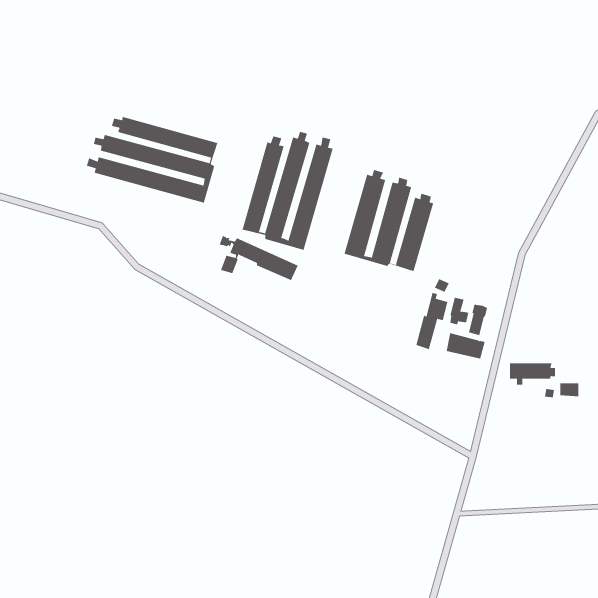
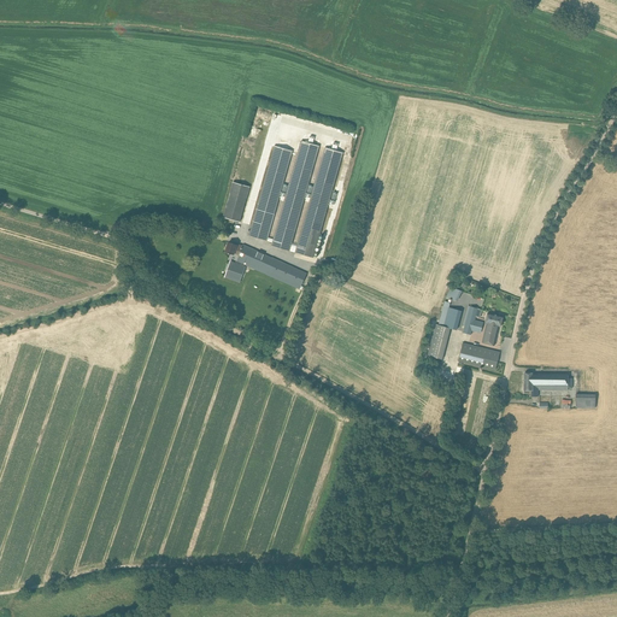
building: [86,116,218,204] -> none
building: [344,169,434,272] -> none
building: none -> [223,182,249,222]

